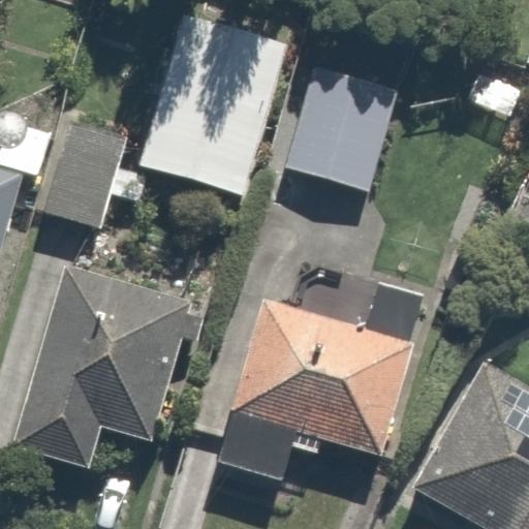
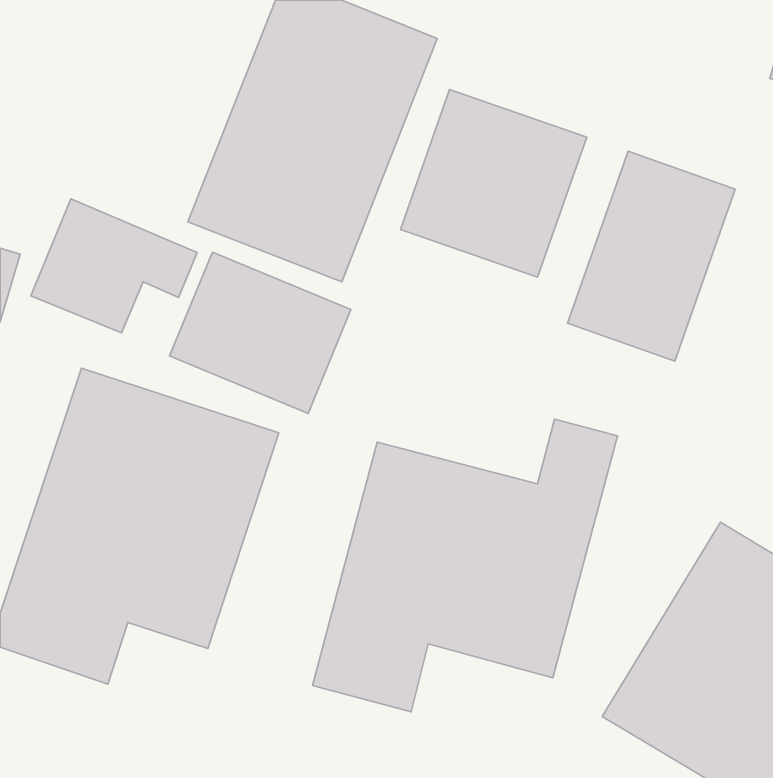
building: none -> [568,151,735,361]
building: none -> [170,252,351,413]

